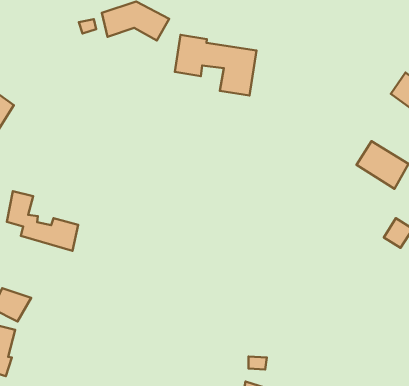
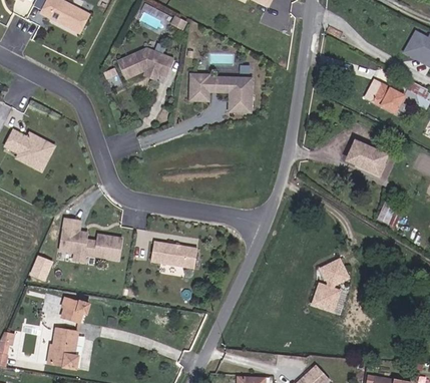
building: none -> [150,240,198,269]
building: none -> [312,257,352,313]

